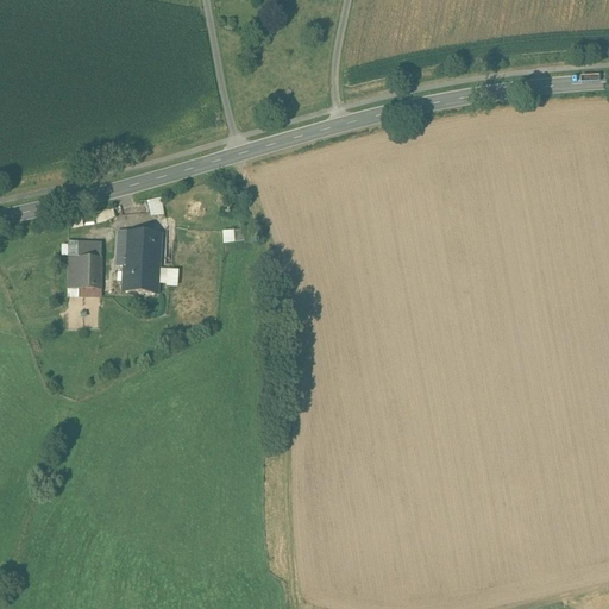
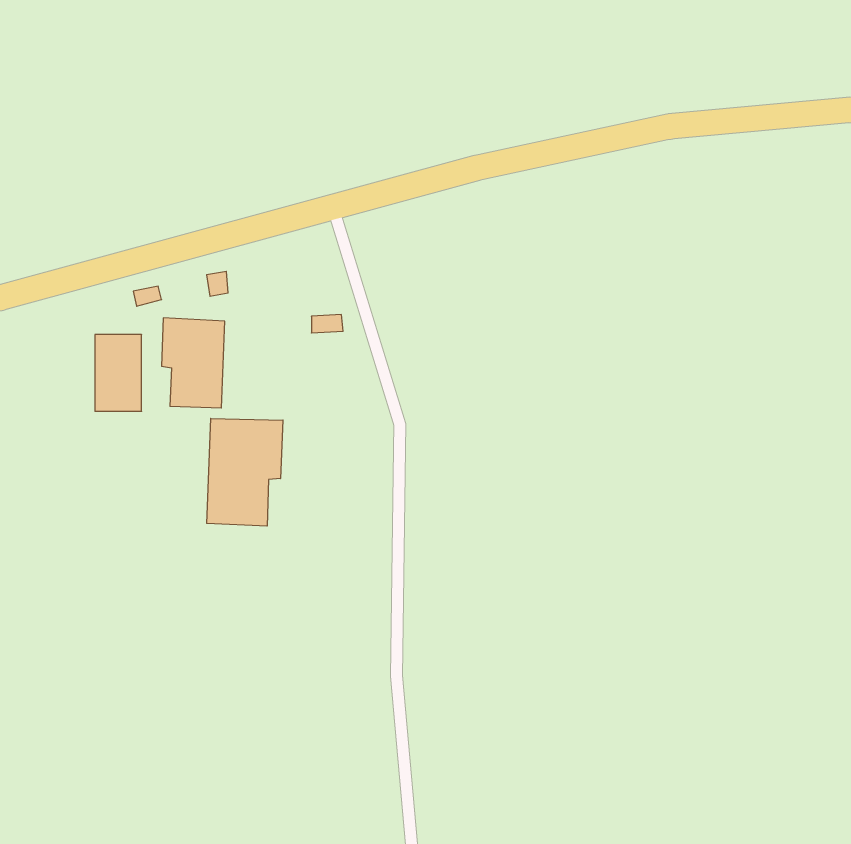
building: none -> [207,418,283,526]

